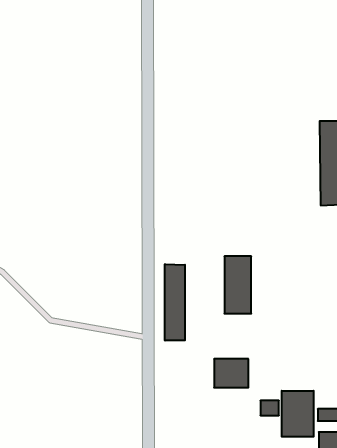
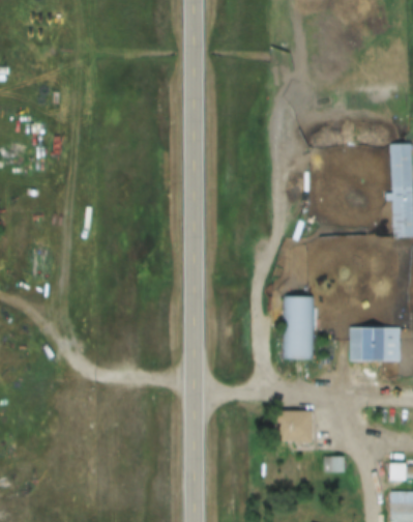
building: [165,264,185,341] -> none
building: none -> [349,327,402,361]
building: [282,391,314,437] -> none

